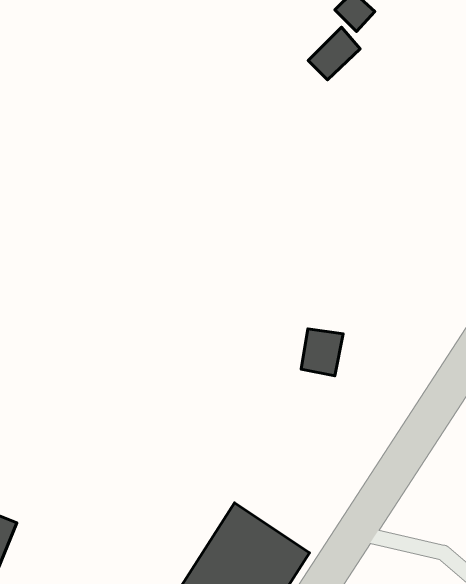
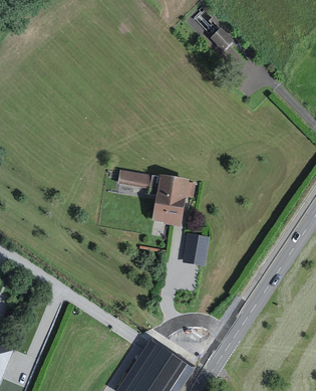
building: [308,27,360,80] -> none
building: none -> [120,170,194,222]

